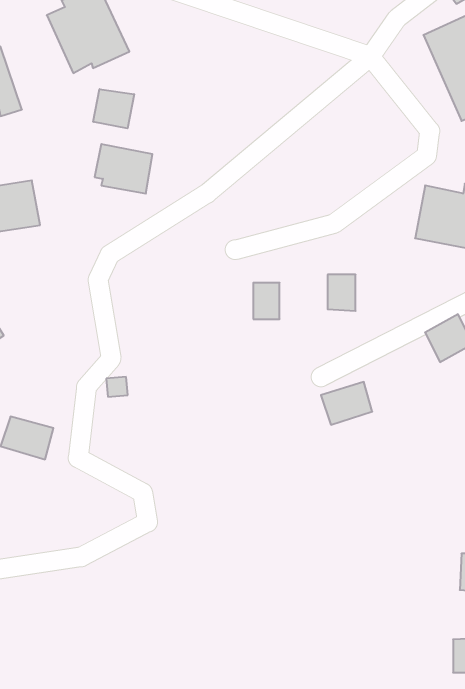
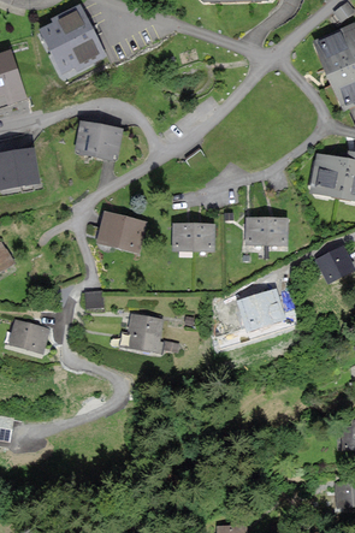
building: [93,89,134,128] -> none
building: none -> [97,213,144,251]
building: none -> [267,218,286,244]
building: none -> [172,224,193,250]
building: none -> [129,315,161,350]

